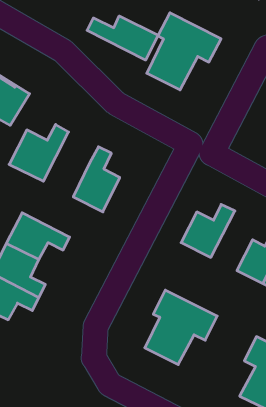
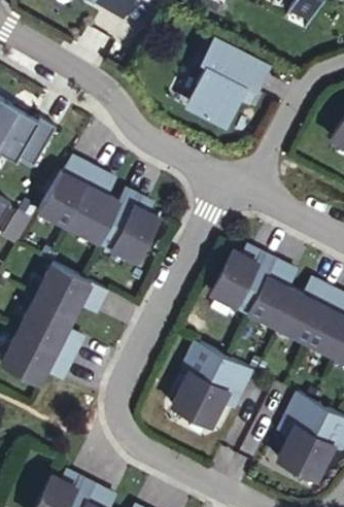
building: [87,16,158,60] -> none
building: none -> [66,171,117,243]
building: none -> [251,259,298,325]

